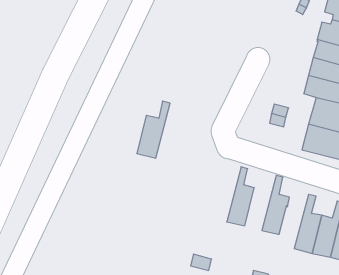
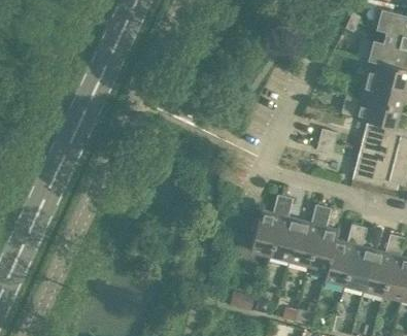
building: [137,101,170,158] -> [249,195,285,257]
building: none -> [290,205,324,266]
building: none -> [324,225,359,285]

